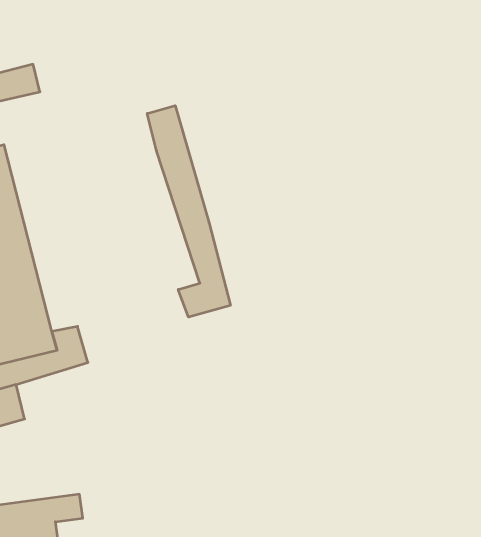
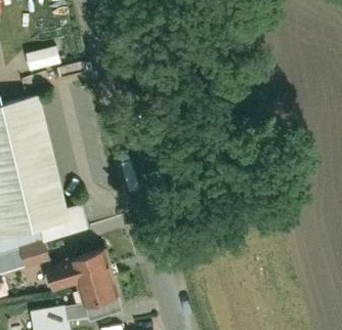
building: [147,106,230,317] -> none
building: none -> [45,251,120,320]

